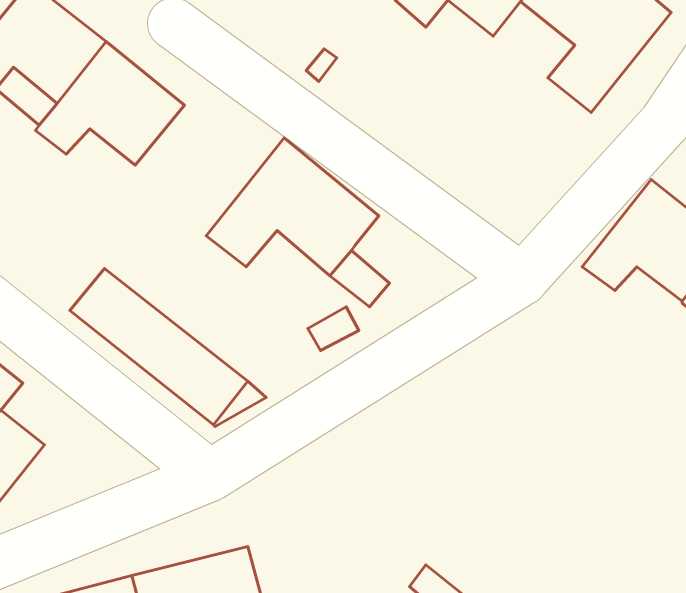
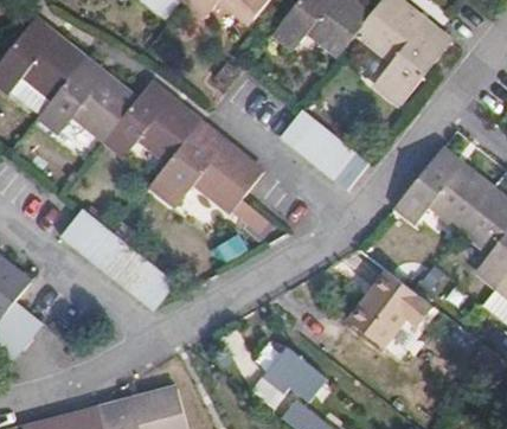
building: none -> [103,83,200,162]
building: none -> [281,108,370,188]
building: none -> [347,269,436,348]
building: none -> [267,350,323,398]

